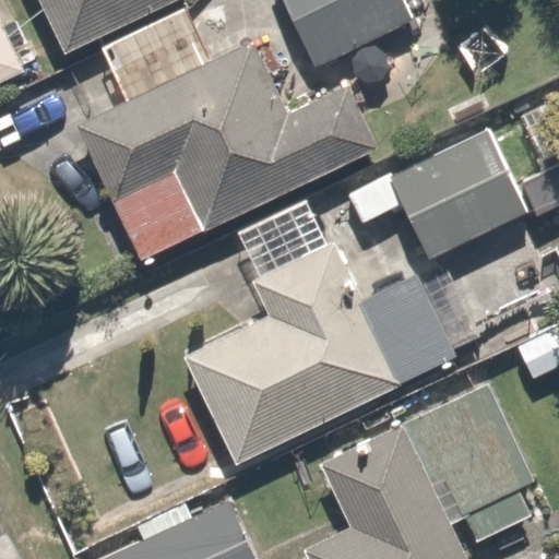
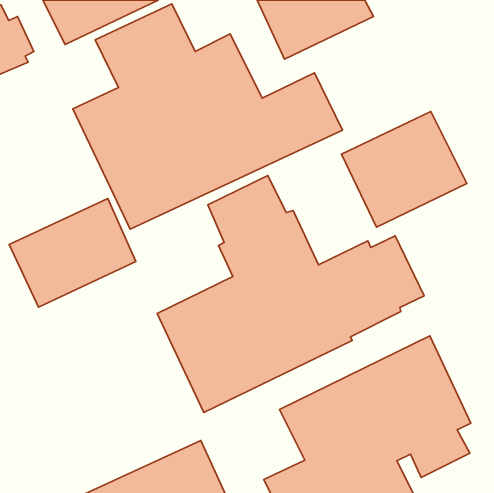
building: none -> [9,199,136,307]

